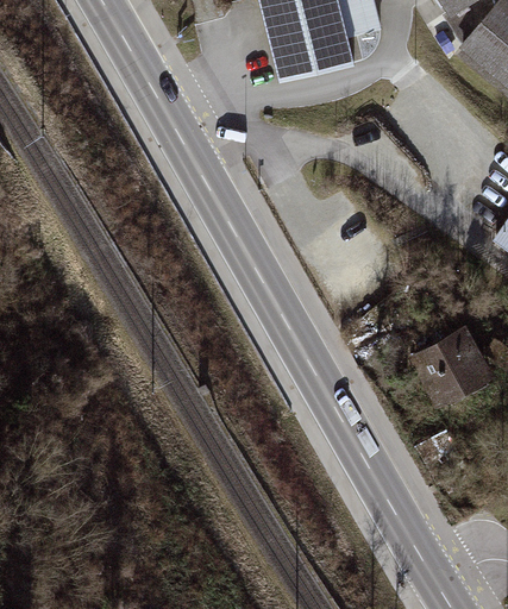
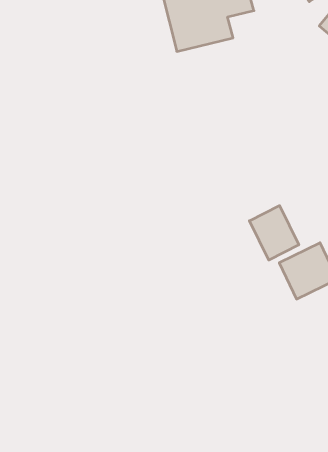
building: none -> [249,206,299,260]

